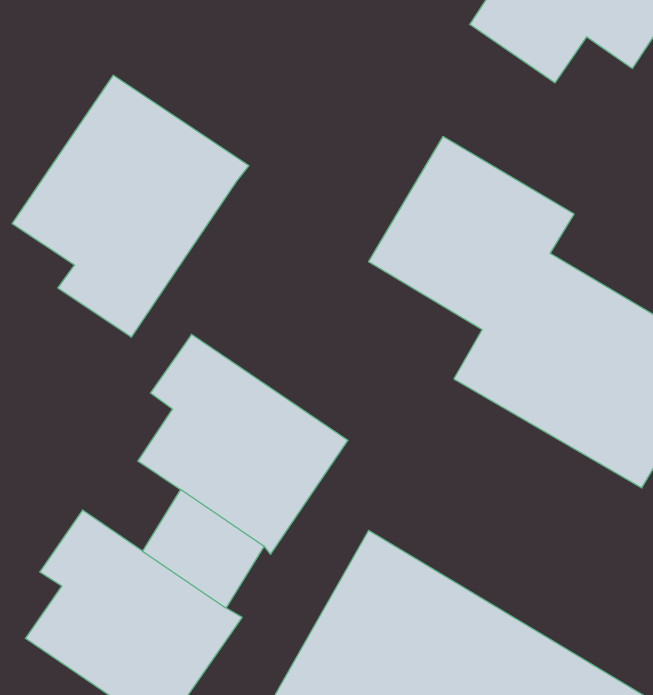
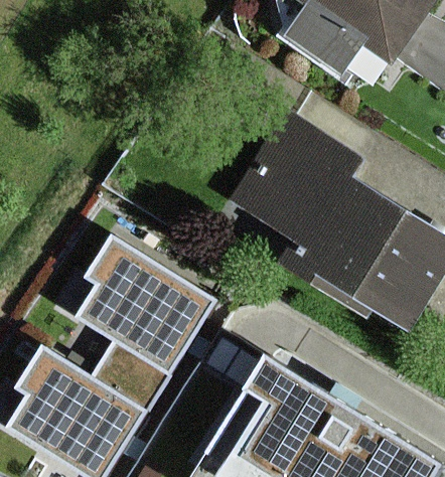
building: [12,75,249,337] -> none

